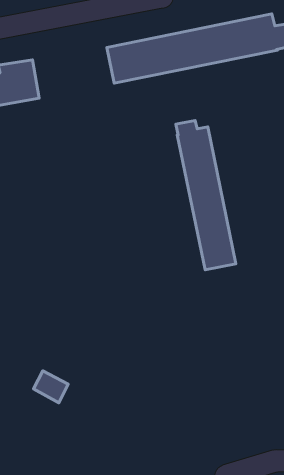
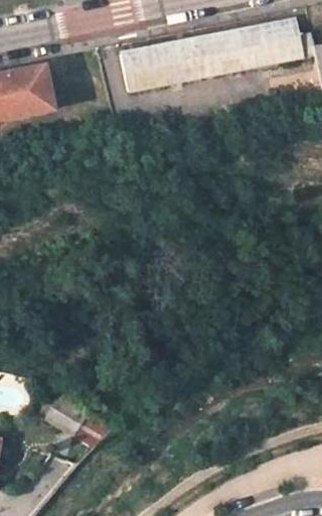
building: [176,120,236,270] -> none

